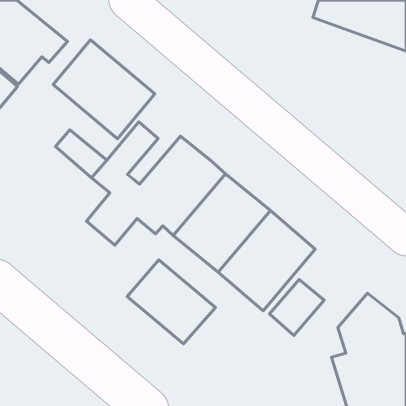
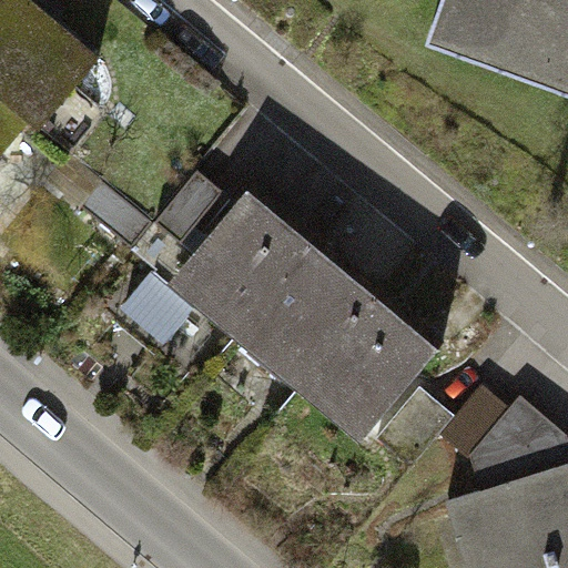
building: [53,40,155,139] -> none
building: [127,260,215,344] -> none

